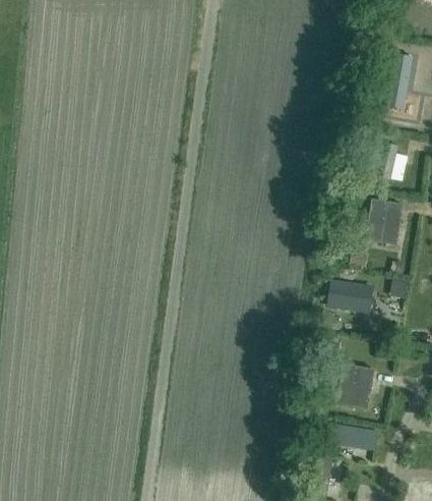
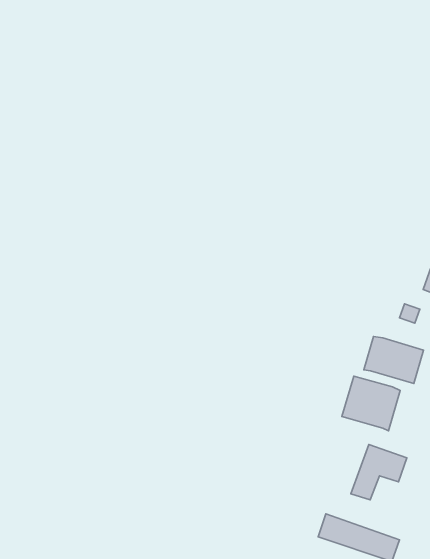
building: none -> [342,376,400,431]

